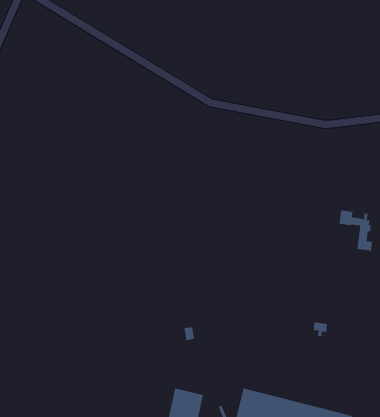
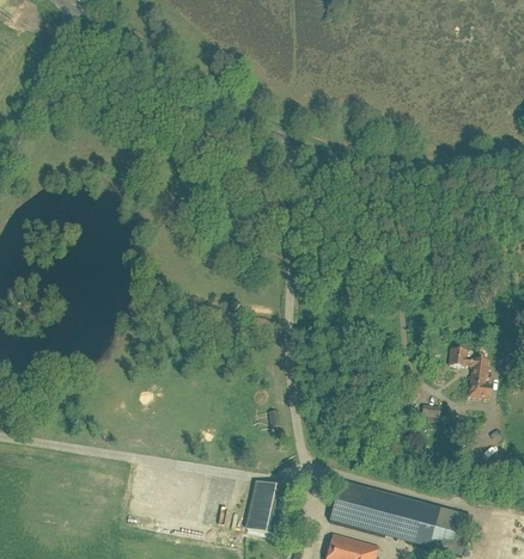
building: [339,210,373,251] -> [447,348,488,397]

